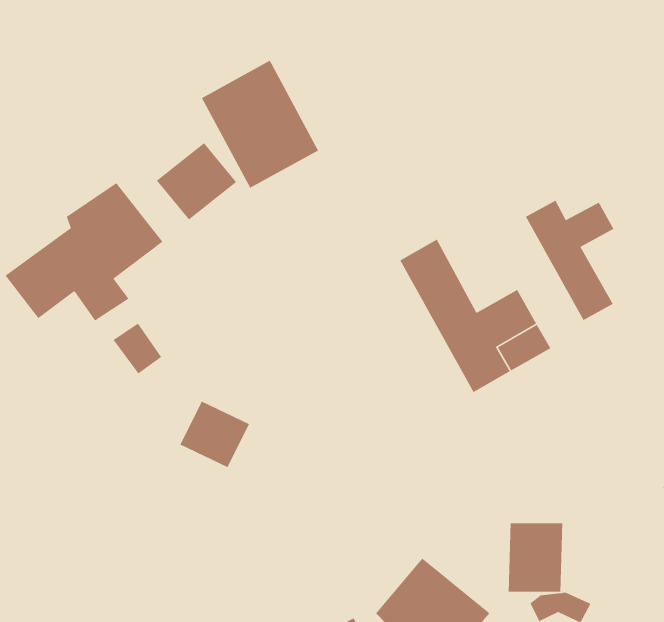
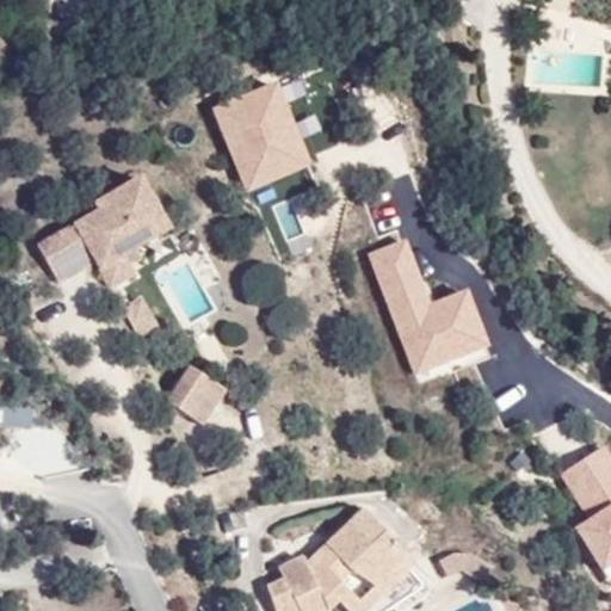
building: [156,142,237,220] -> none
building: [525,200,614,321] -> none
building: [508,522,563,592] -> none

